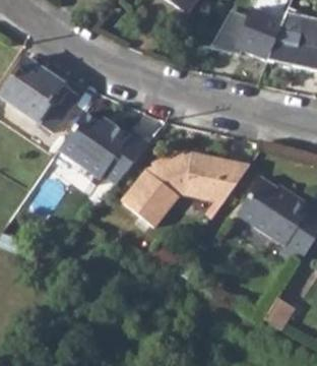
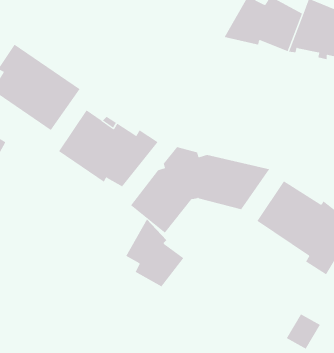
building: none -> [125,219,184,287]

